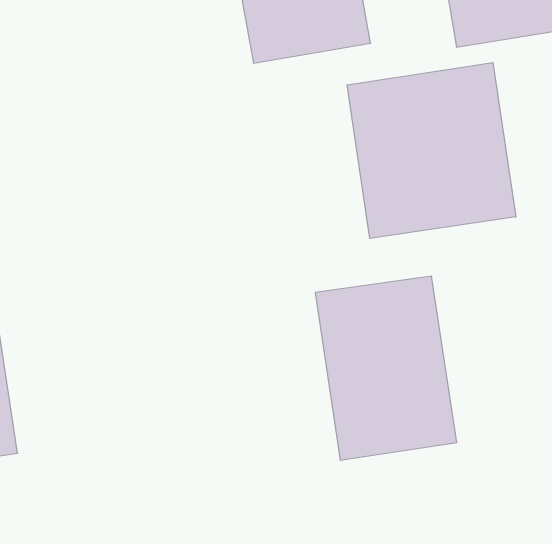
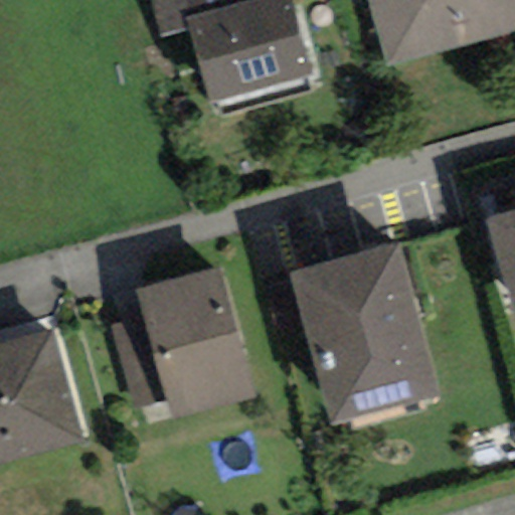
building: [347,62,516,238] -> none
building: none -> [134,277,240,407]

